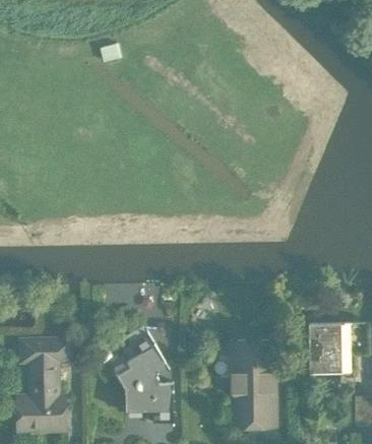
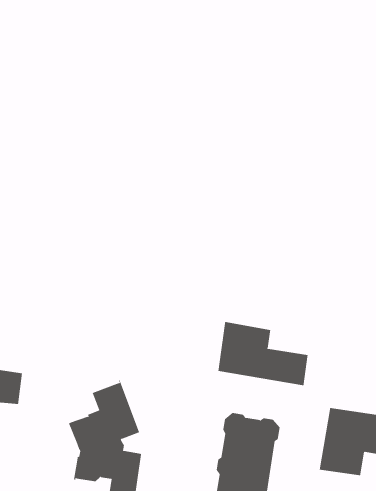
building: none -> [218,321,308,386]

